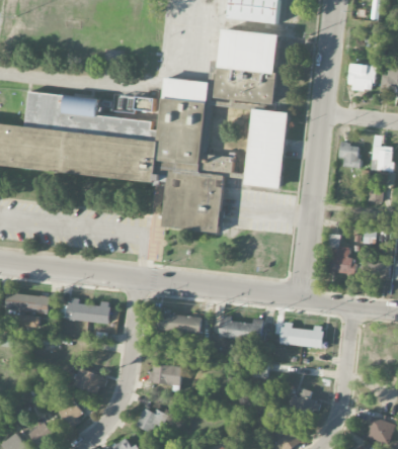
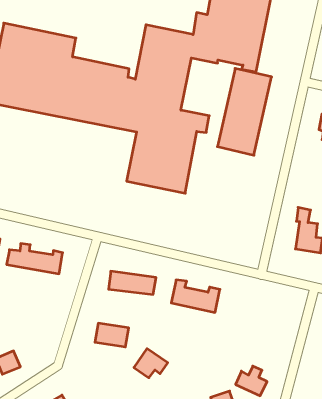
building: [116,95,156,114] -> none
building: [281,323,323,347] -> none
building: [74,368,104,394] -> none
building: [136,406,167,433] -> [134,349,168,378]

